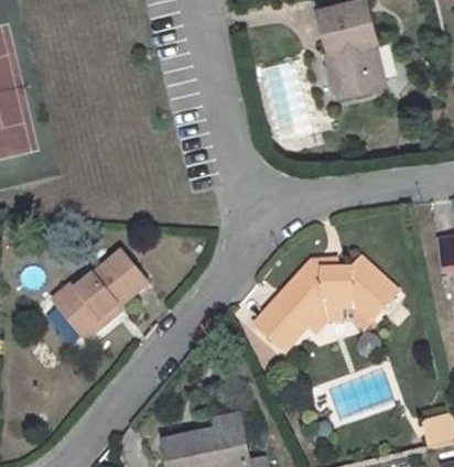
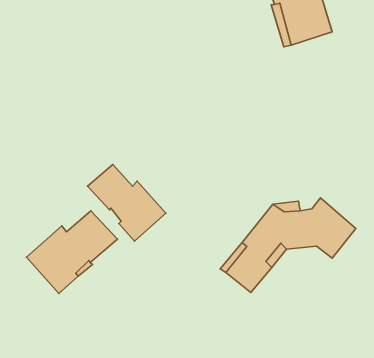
building: none -> [87,165,166,241]

